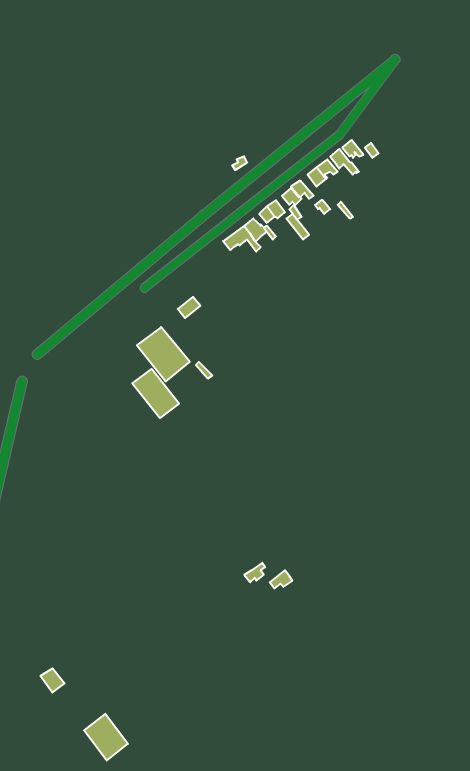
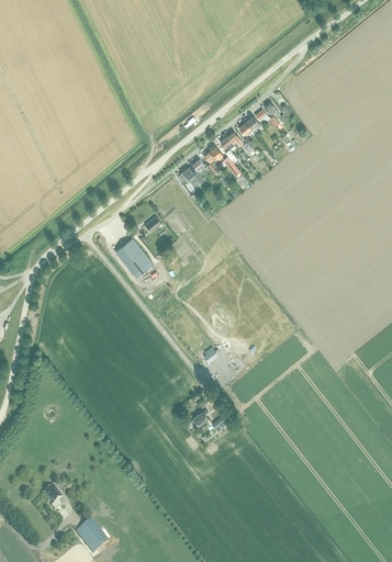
building: [132,369,179,418] -> none

